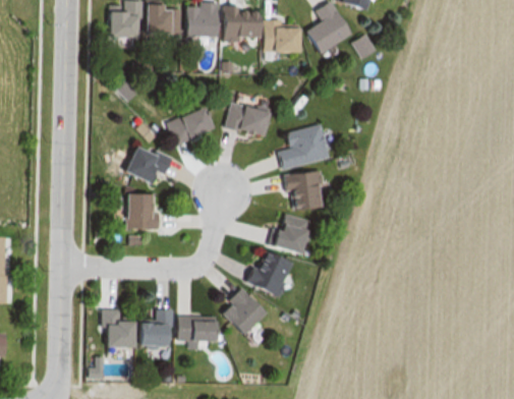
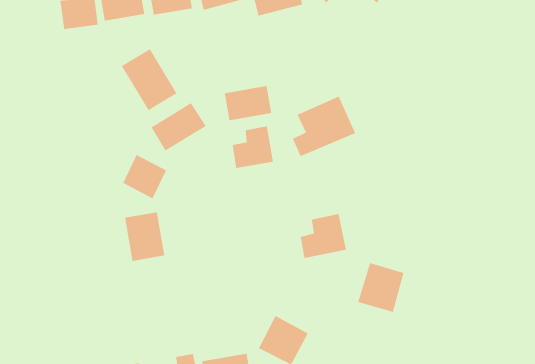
building: none -> [121,48,178,111]
building: none -> [232,125,274,169]
building: [289,172,325,209] -> none
building: [250,252,292,296] -> [357,262,404,313]

